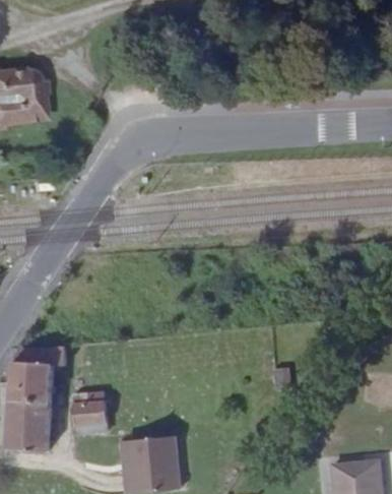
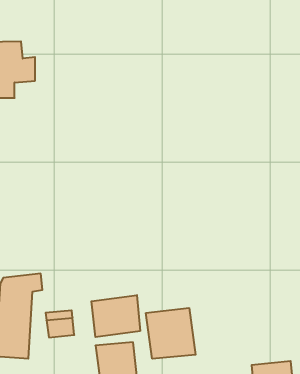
building: none -> [91,295,140,337]
building: none -> [146,308,196,359]

